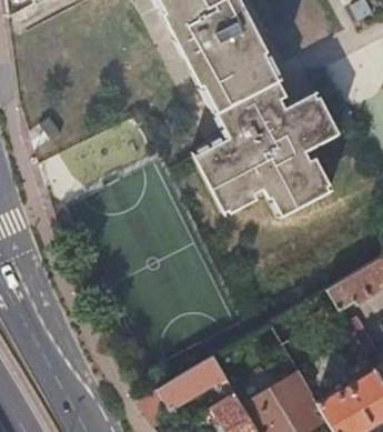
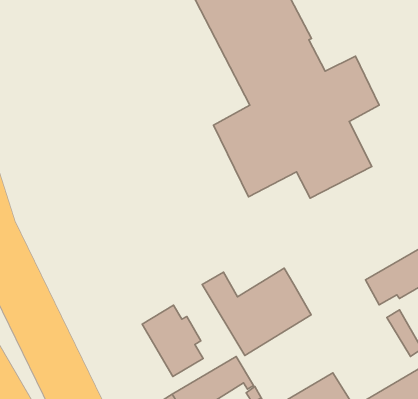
building: none -> [202,268,311,355]
building: none -> [142,305,203,376]

